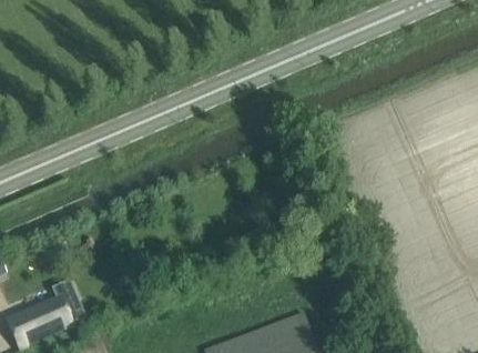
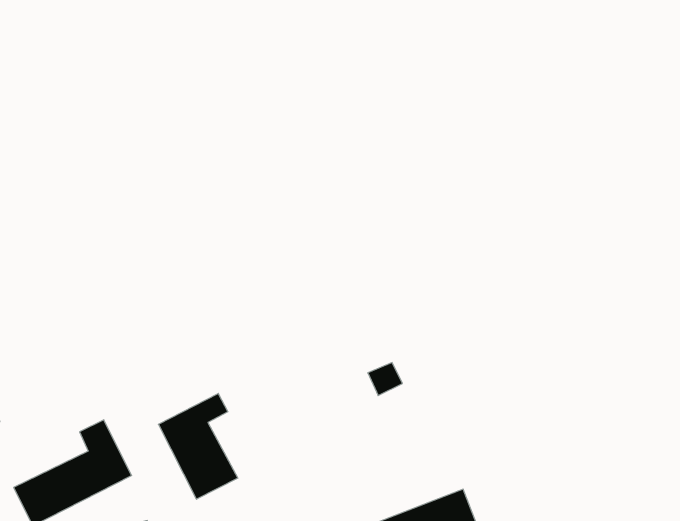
building: none -> [158,393,238,499]

